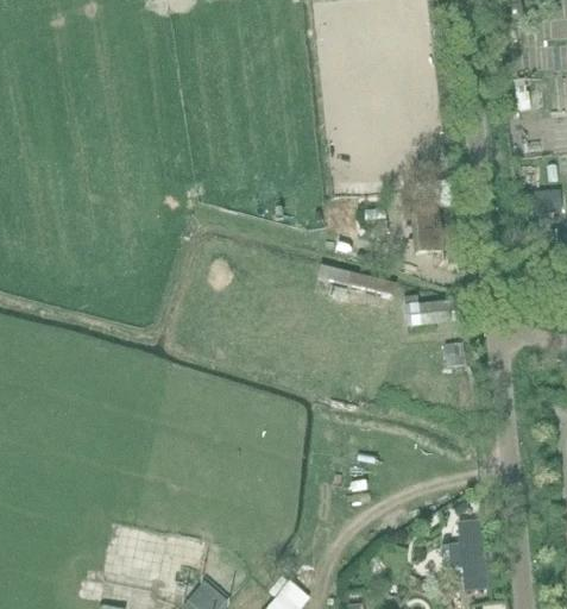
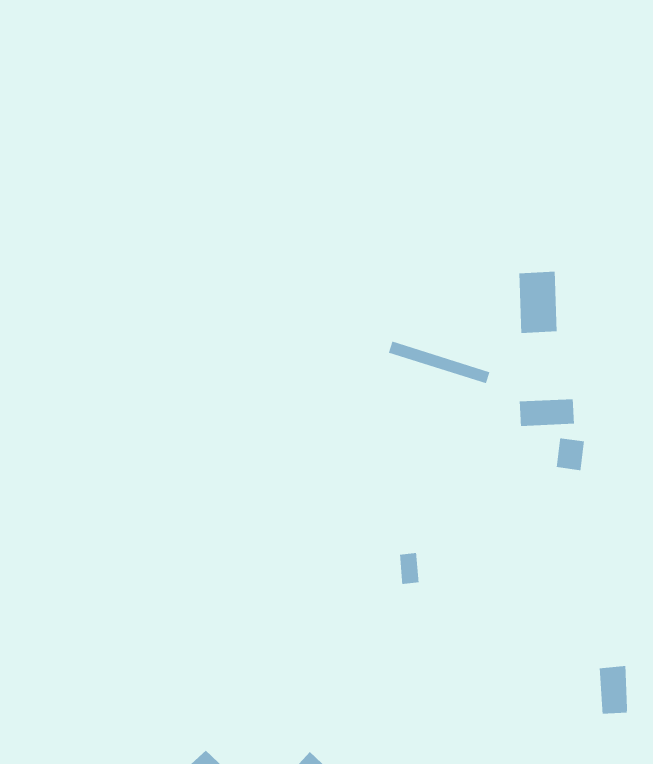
building: [459,532,483,570] -> [599,665,628,715]

